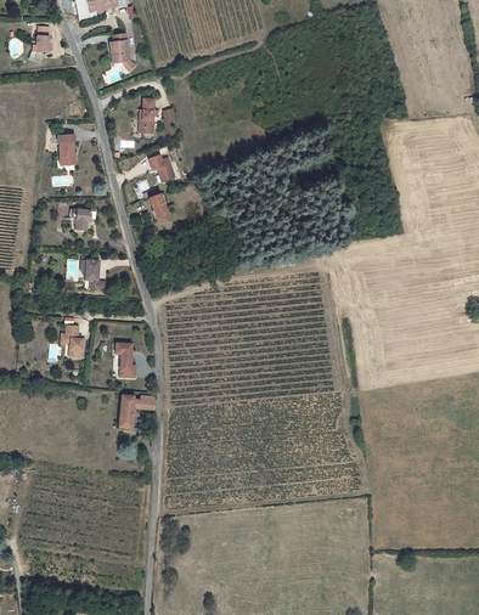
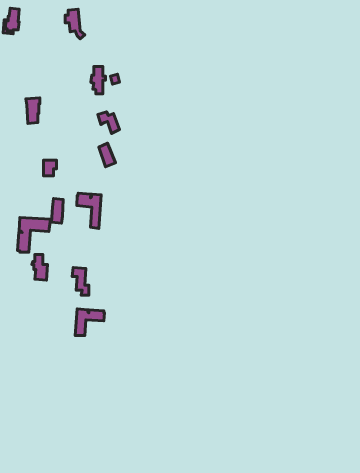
building: none -> [77,193,101,229]
building: none -> [18,217,50,252]

